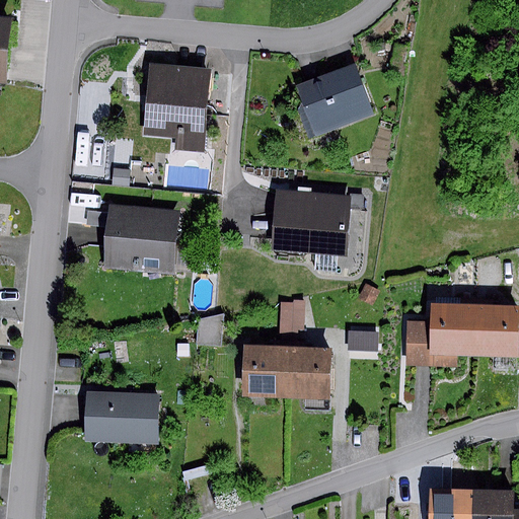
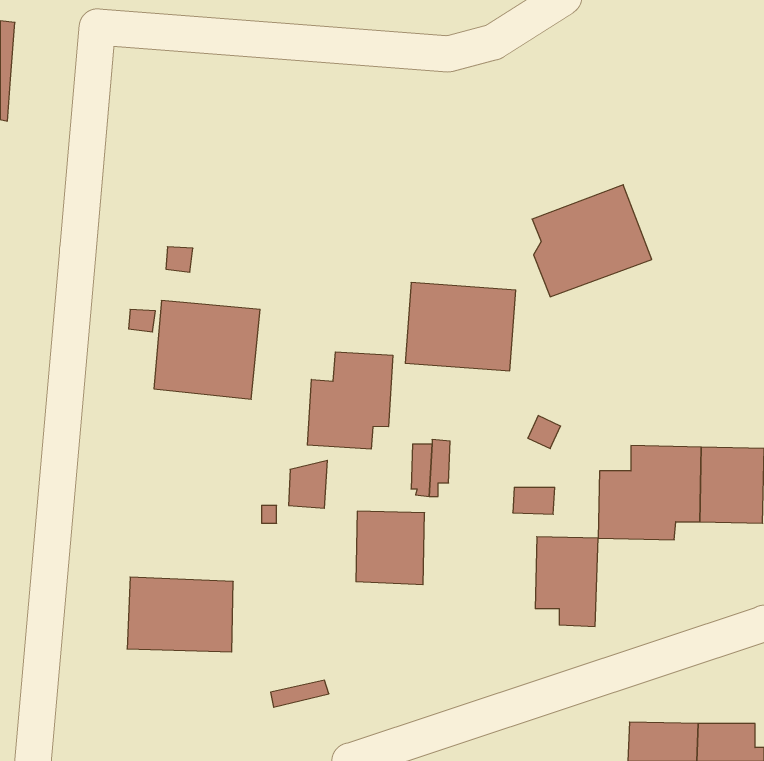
building: [297,61,378,137] -> [532,185,652,297]
building: [146,64,211,151] -> none
building: none -> [307,352,393,449]
building: [287,348,329,409] -> [535,537,598,626]

